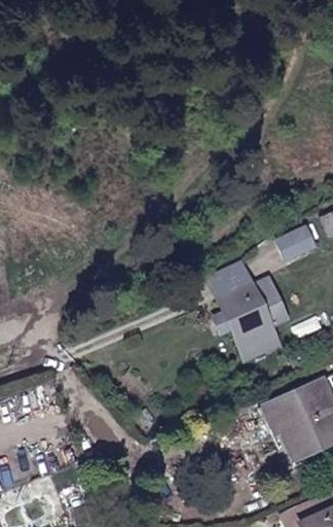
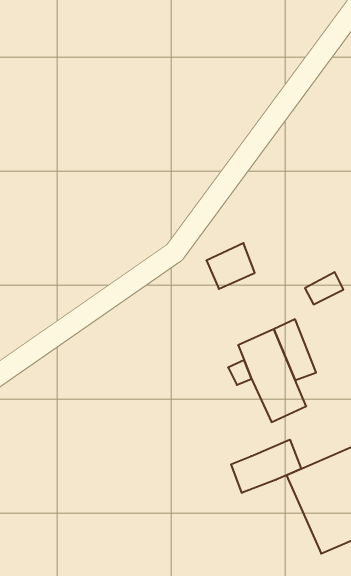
building: [211,258,251,296] -> [206,243,255,289]
building: none -> [231,440,301,493]

